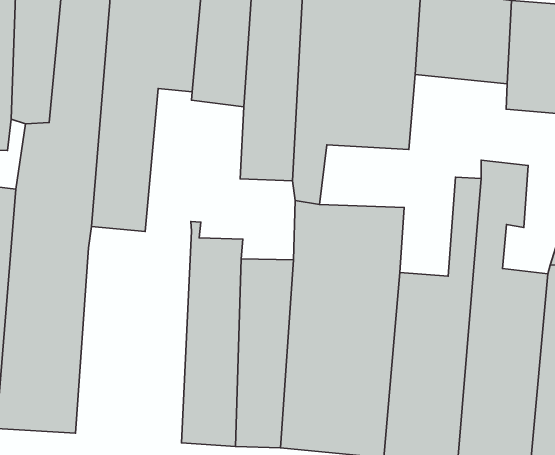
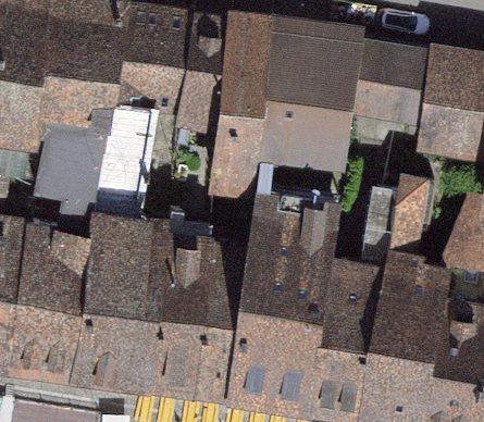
building: none -> [73,219,173,382]

